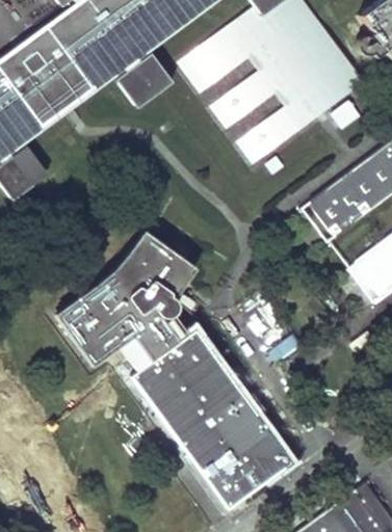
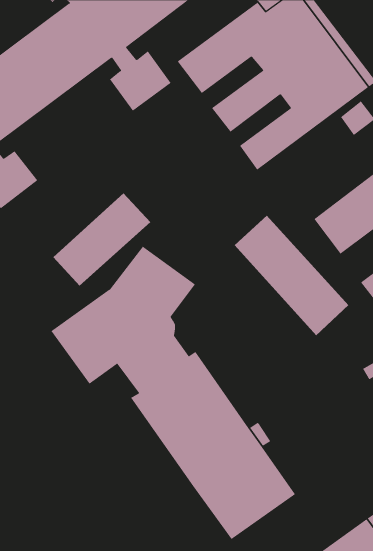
building: none -> [53,193,151,287]
building: none -> [234,215,349,336]

